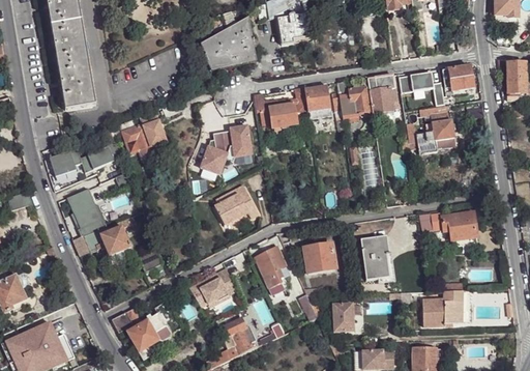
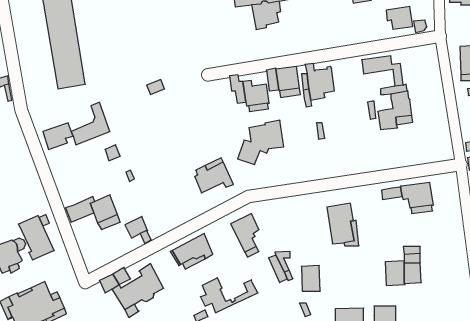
building: [202,20,255,65] -> none
building: [444,65,473,90] -> [386,7,413,29]
building: [366,74,398,112] -> none
building: [122,110,168,158] -> none
building: [201,124,252,173] -> [238,120,284,165]
building: [67,188,107,236] -> [18,216,54,260]
building: [303,242,335,273] -> none

